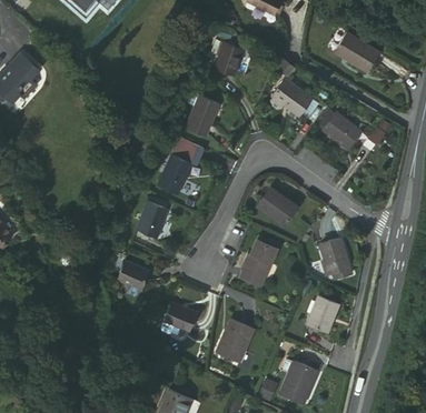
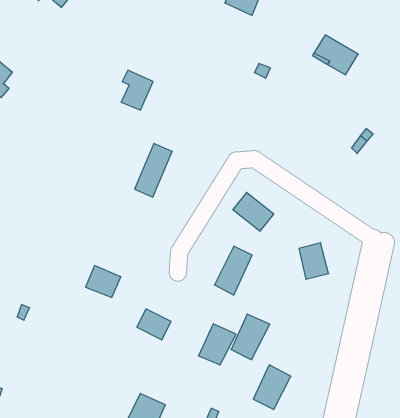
building: [216,42,247,78] -> none
building: [274,80,315,117] -> none
building: [187,99,218,138] -> [121,70,153,110]
building: [327,119,364,153] -> none
building: [135,197,168,235] -> none
building: [301,293,339,338] -> [231,314,270,360]

